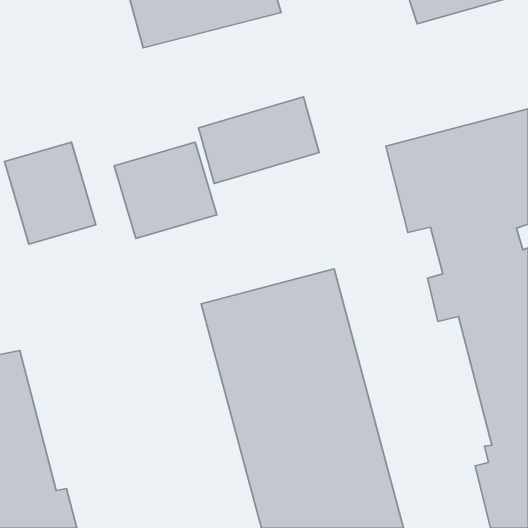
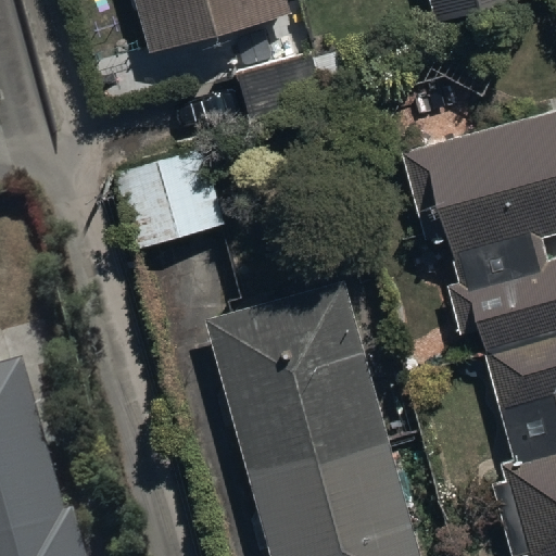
building: [198,97,319,183] -> none
building: [5,142,96,244] -> none

